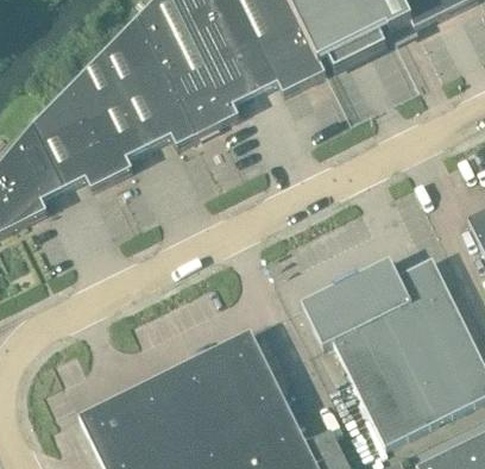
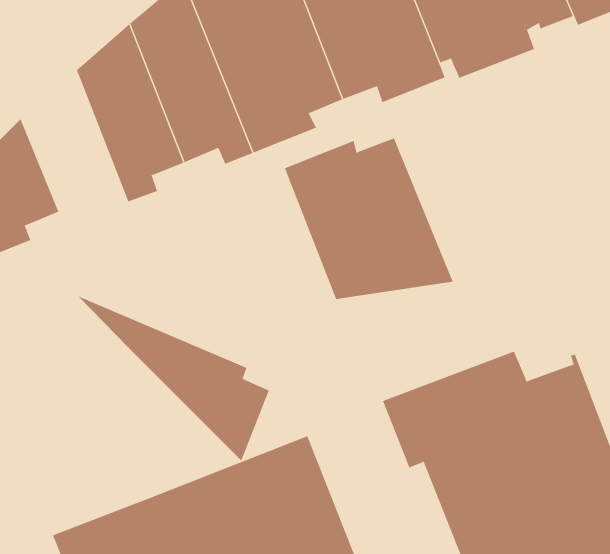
building: [32,88,112,188] -> none
building: none -> [284,138,454,300]
building: none -> [78,296,269,462]

